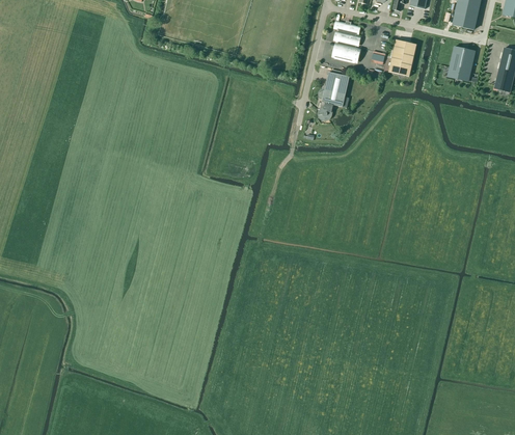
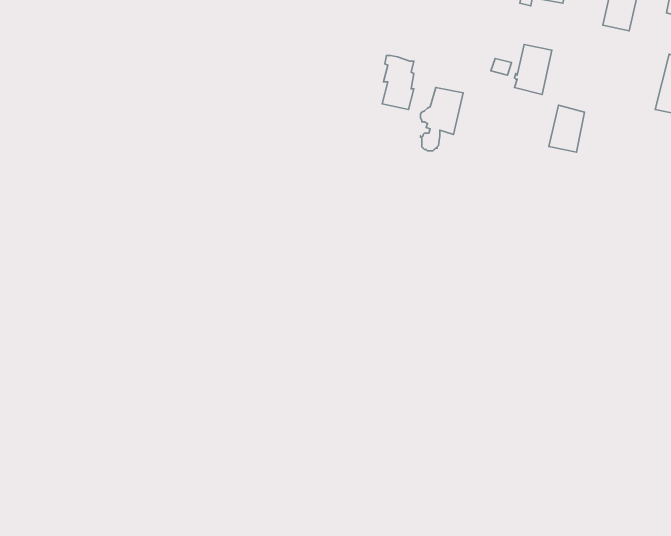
building: [333,22,357,62] -> [382,56,414,109]
building: [446,46,473,81] -> [549,105,585,152]

